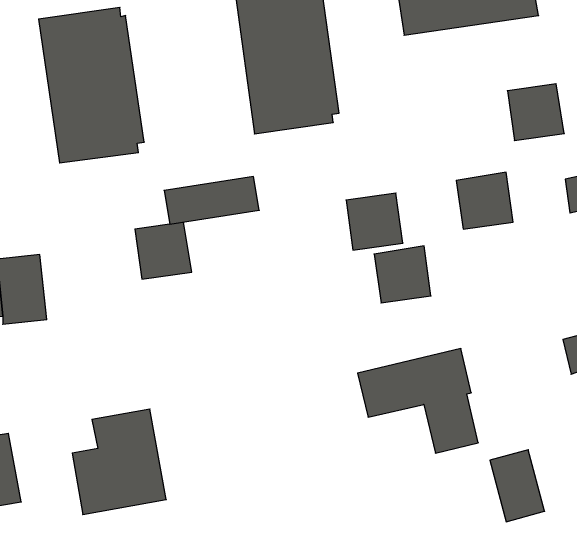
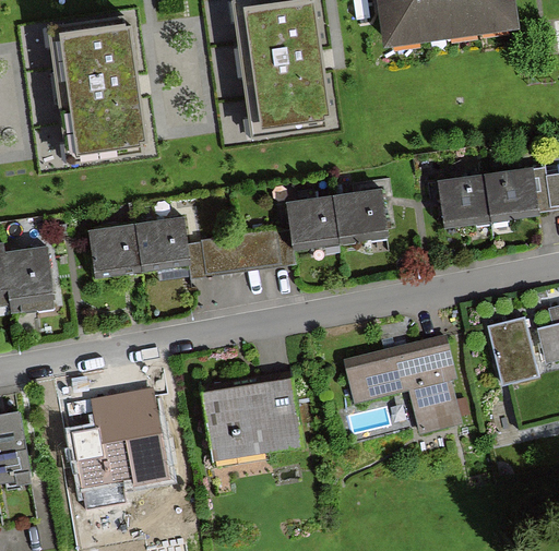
building: [507,84,564,141] -> [487,164,540,217]
building: [164,177,259,224] -> [199,228,288,273]
building: none -> [91,224,144,277]
building: [374,246,431,303] -> [289,196,343,250]
building: none -> [204,374,302,463]
building: [490,450,545,522] -> [487,318,538,385]

